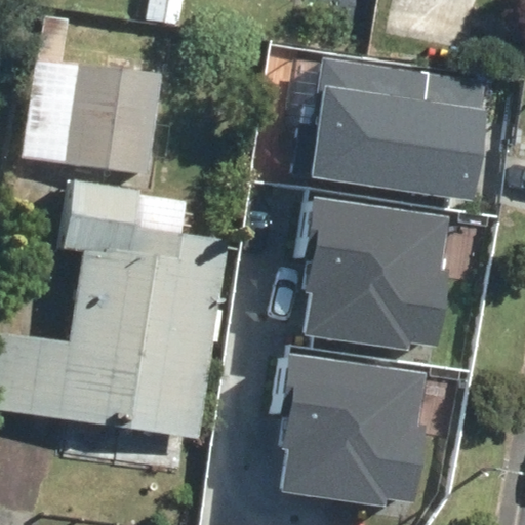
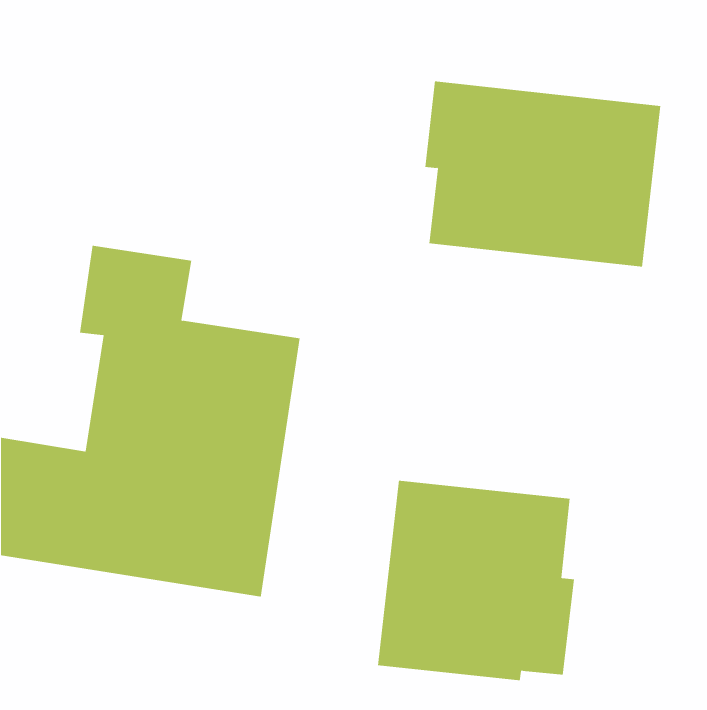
building: [15,64,153,177] -> none
building: [305,199,450,347] -> none

